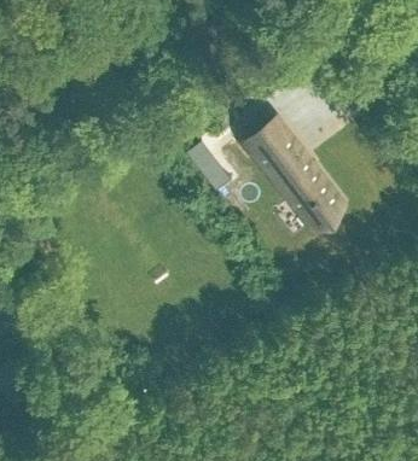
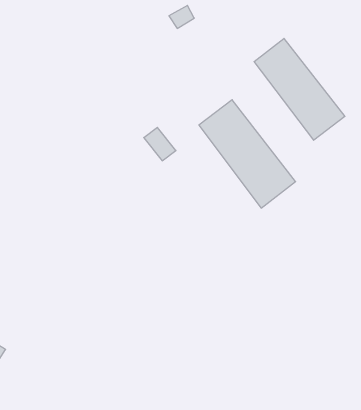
building: none -> [254,38,345,140]

